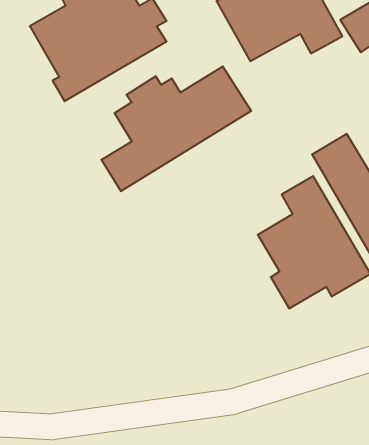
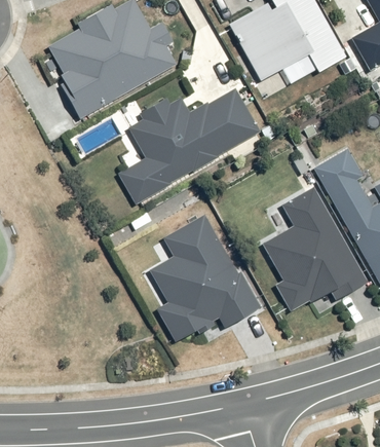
building: none -> [150,217,265,346]

